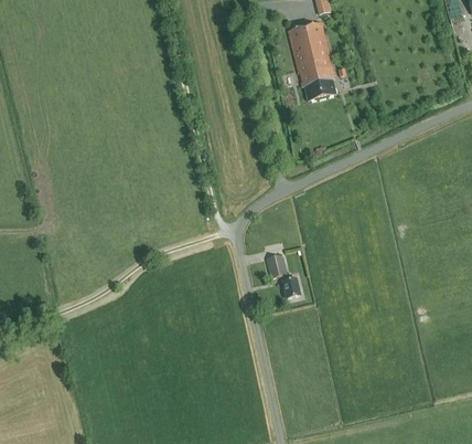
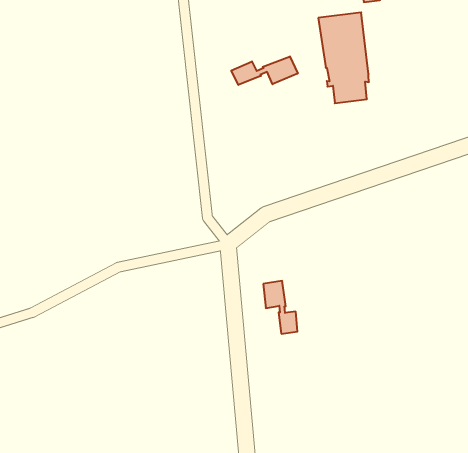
building: none -> [231,56,298,85]

